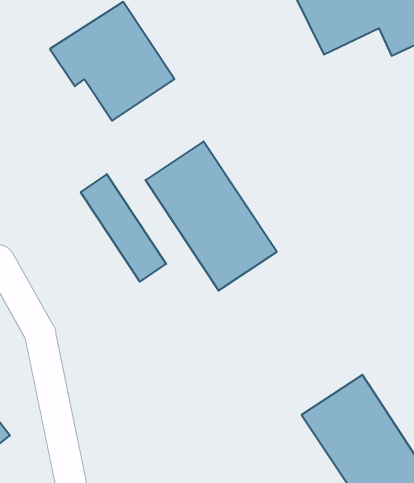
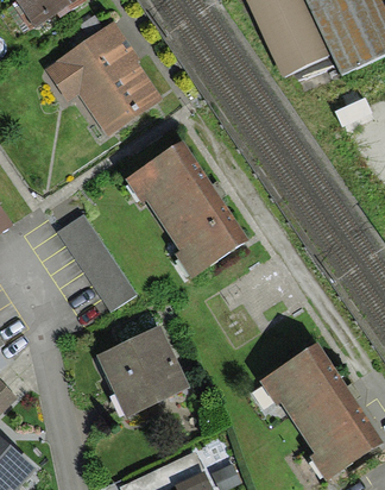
building: [81,174,166,282] -> [61,215,134,308]
building: none -> [97,329,184,414]

